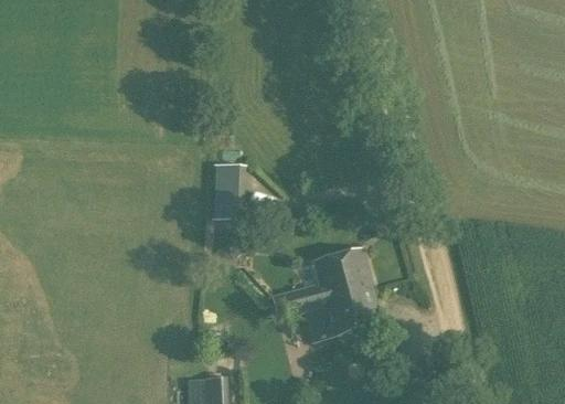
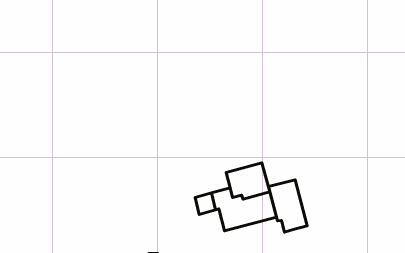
building: [212,166,244,220] -> none
building: none -> [269,180,307,232]

